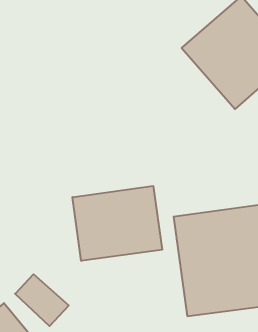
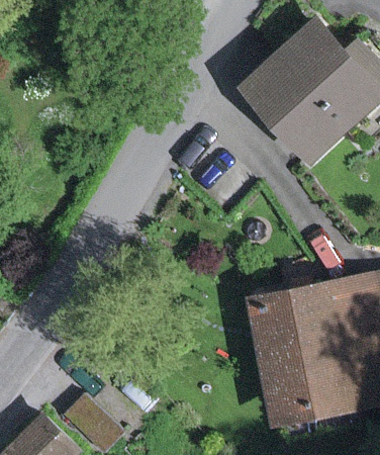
building: [72,186,162,261] -> none

